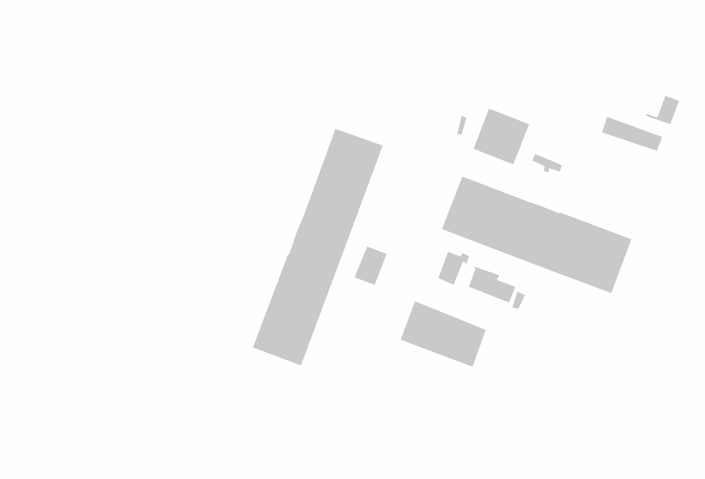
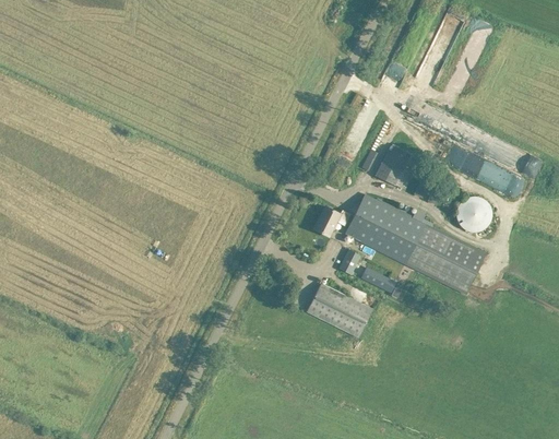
building: [252,128,384,366] -> none
building: none -> [451,193,490,234]
building: [354,245,388,286] -> [313,206,341,237]

